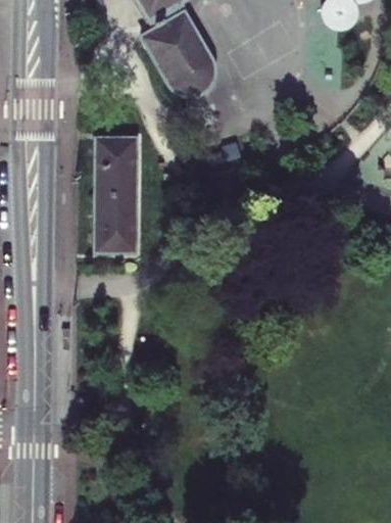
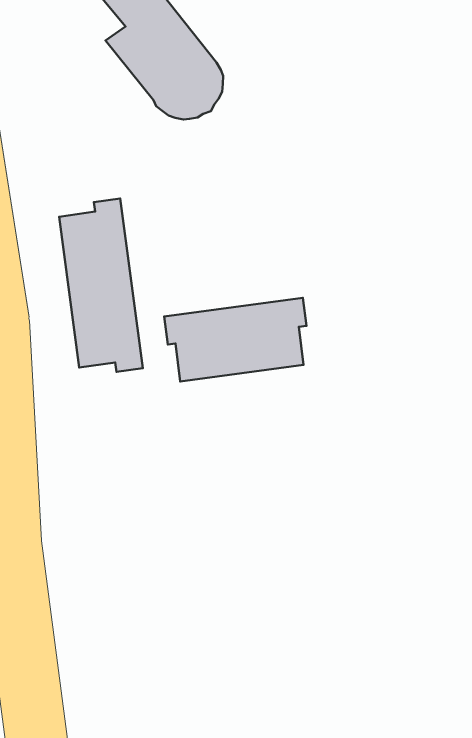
building: none -> [164,298,306,381]

